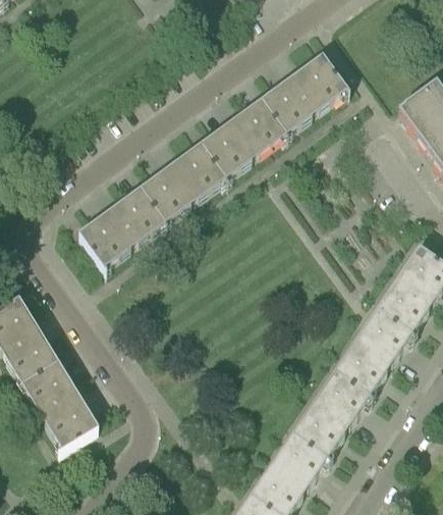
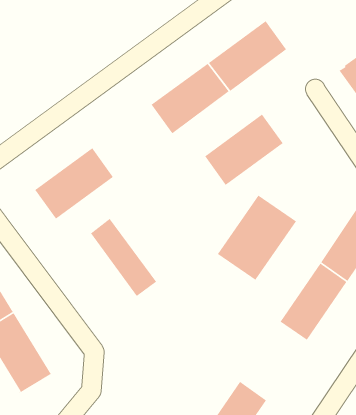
building: [141,144,228,225] -> [204,113,287,191]
building: none -> [217,194,304,286]
building: none -> [86,218,157,300]
building: [295,372,373,459] -> none

